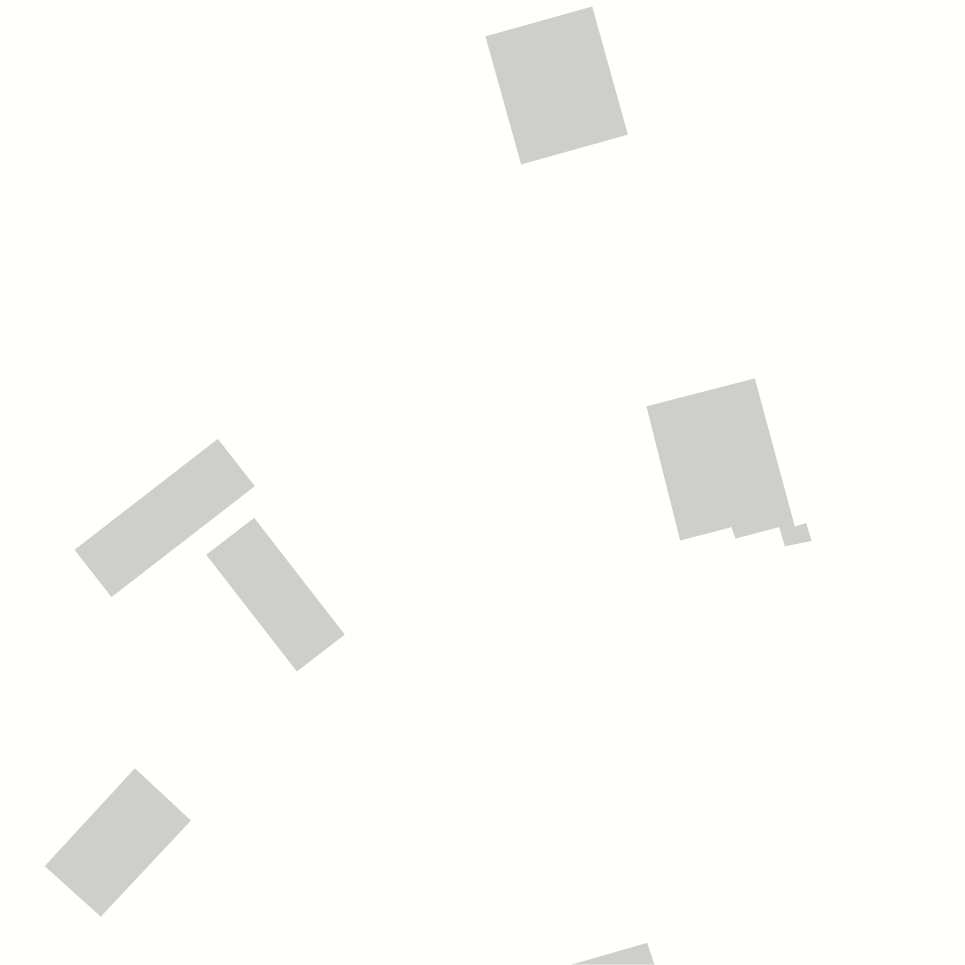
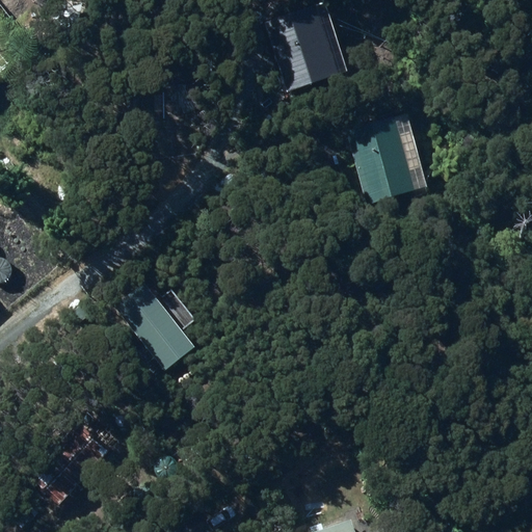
building: [645,378,813,547] -> [347,111,438,204]
building: [74,438,256,598] -> none

